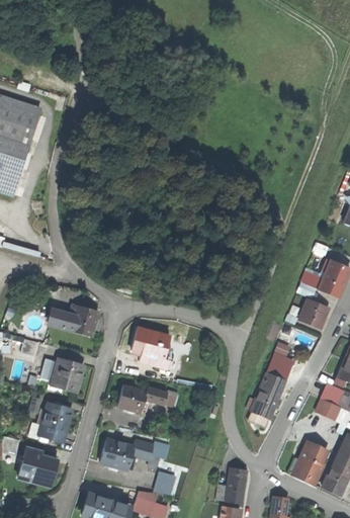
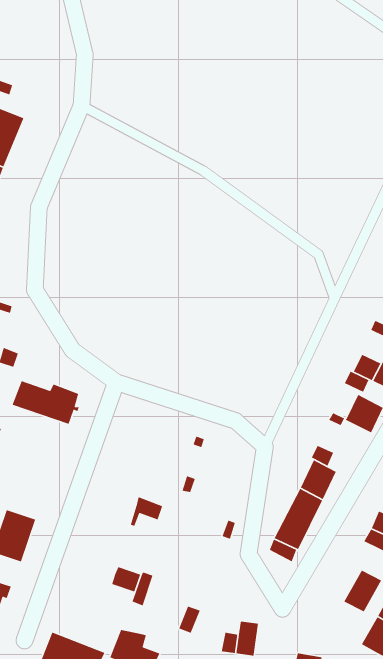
building: [132,327,173,368] -> none
building: [51,357,83,393] -> none
building: [117,384,146,412] -> none
building: [99,439,133,469] -> none
building: [297,456,325,485] -> none
building: [155,468,178,493] -> none

